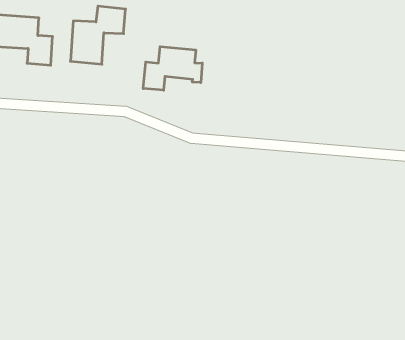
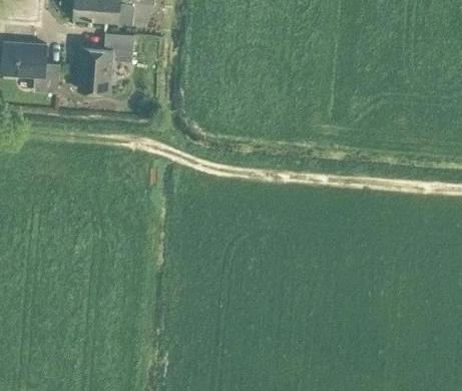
building: [143,47,202,90] -> none

